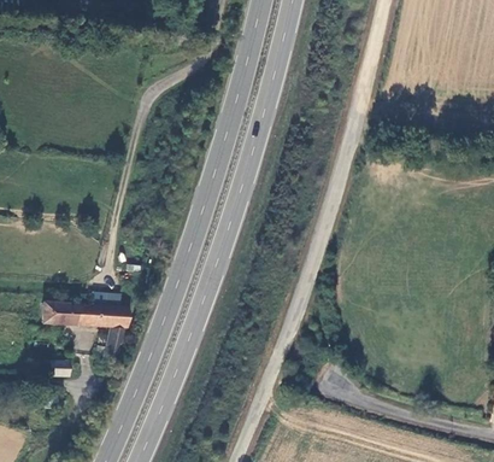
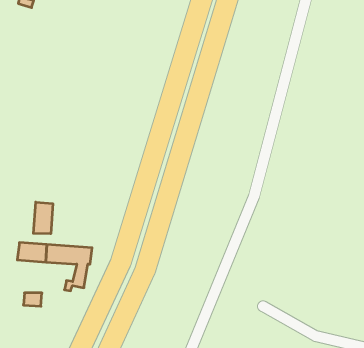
building: none -> [33,202,53,234]

